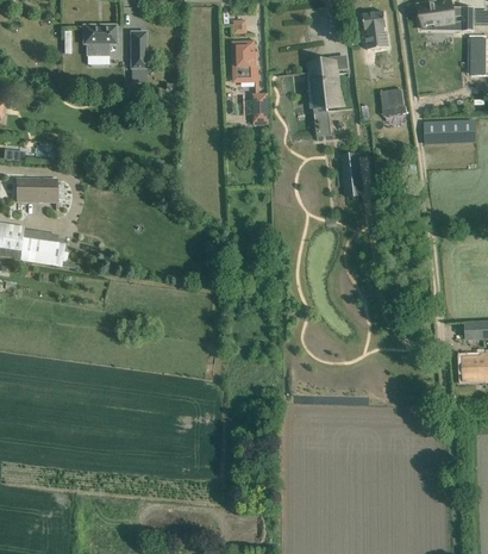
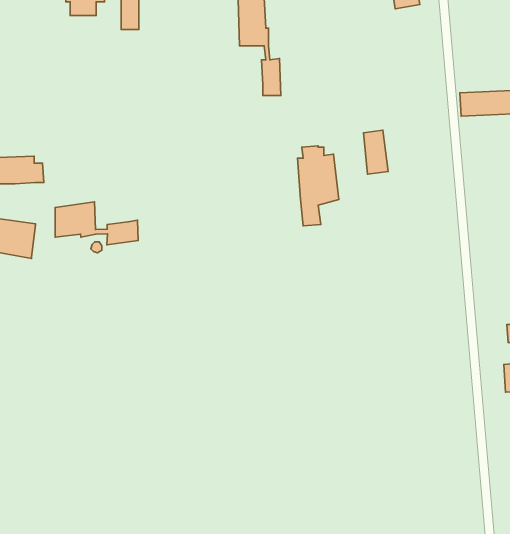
building: [307,62,343,131] -> [298,146,339,226]
building: [382,89,408,116] -> none
building: none -> [55,202,138,245]

